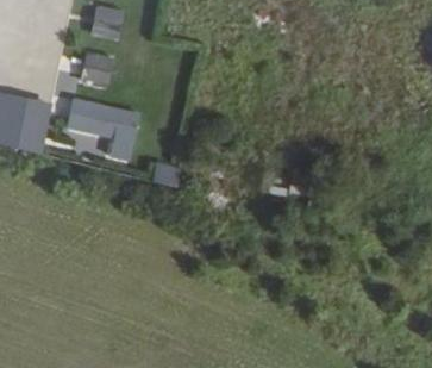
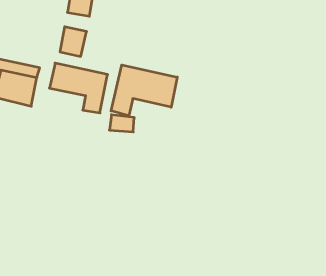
building: none -> [111,65,177,116]

